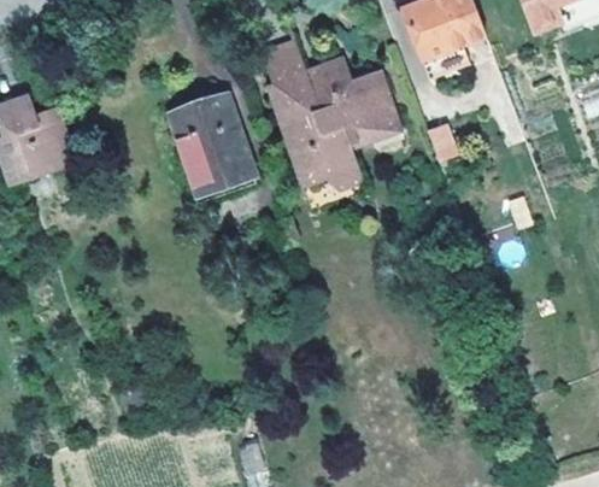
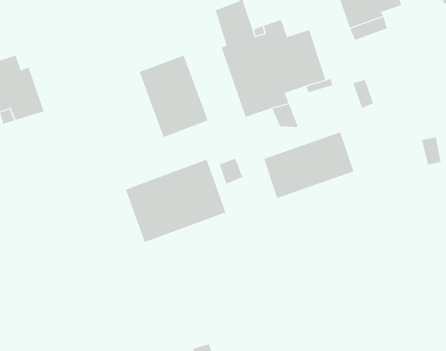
building: none -> [263,132,354,199]
building: none -> [125,159,226,243]

